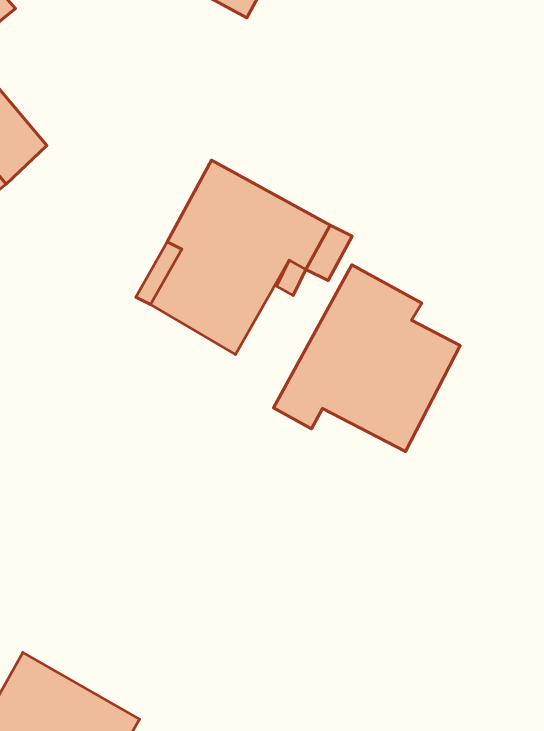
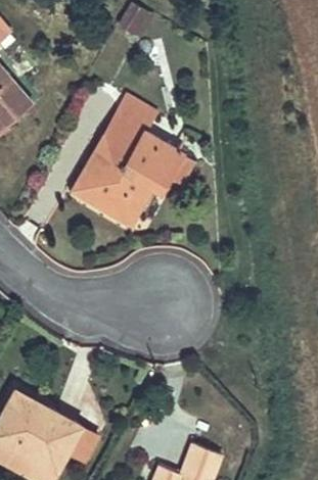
building: none -> [118,98,161,135]
building: [274,265,460,451] -> none

